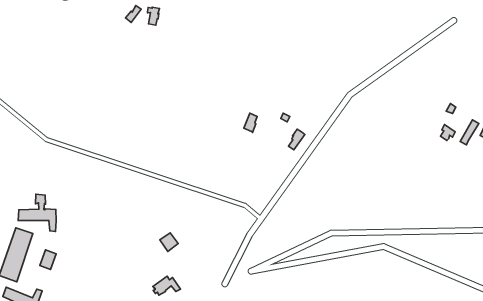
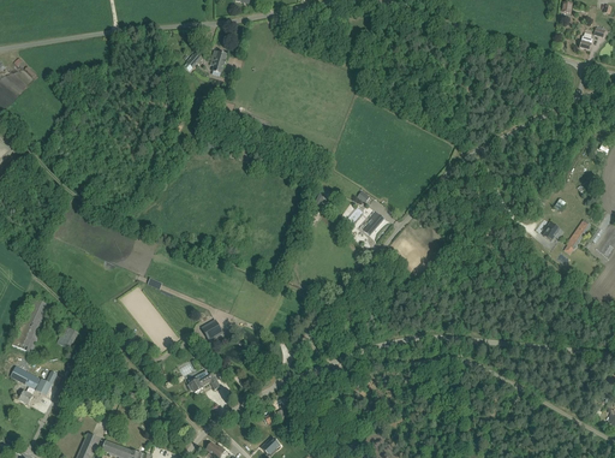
building: [18,194,56,231] -> none

